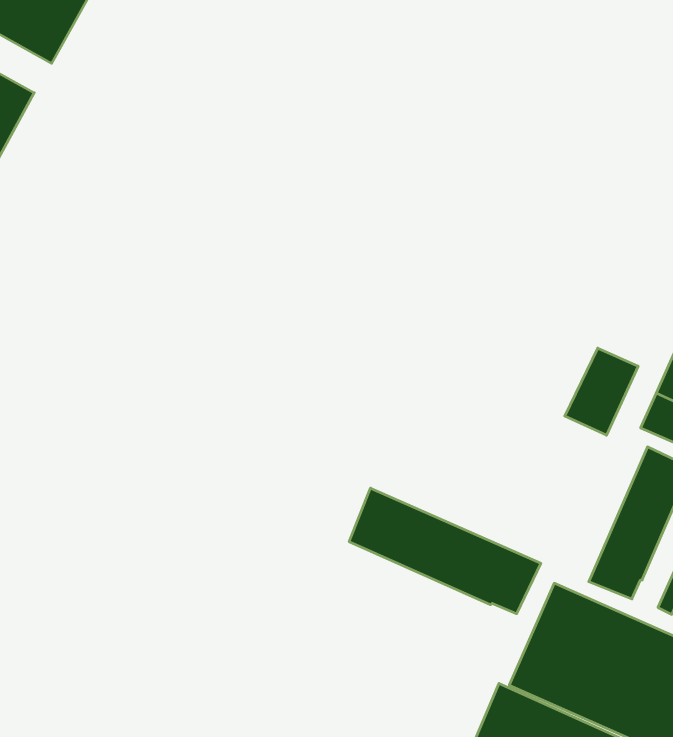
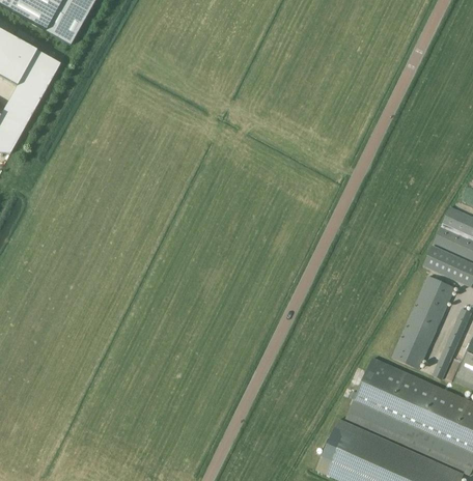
building: [565,348,638,435] -> none
building: [349,488,541,614] -> none

